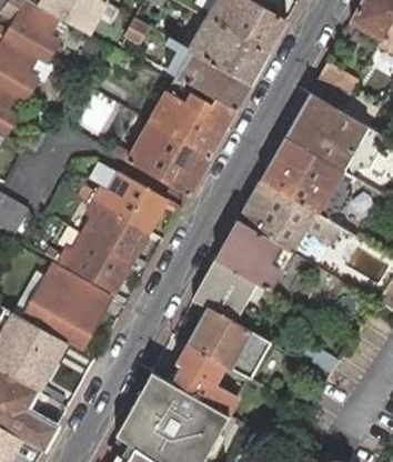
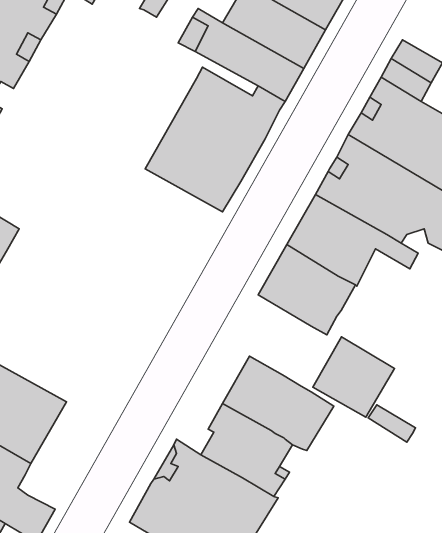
building: [47,171,167,293] -> none
building: [193,260,256,322] -> [313,337,394,417]
building: [24,265,111,349] -> none

